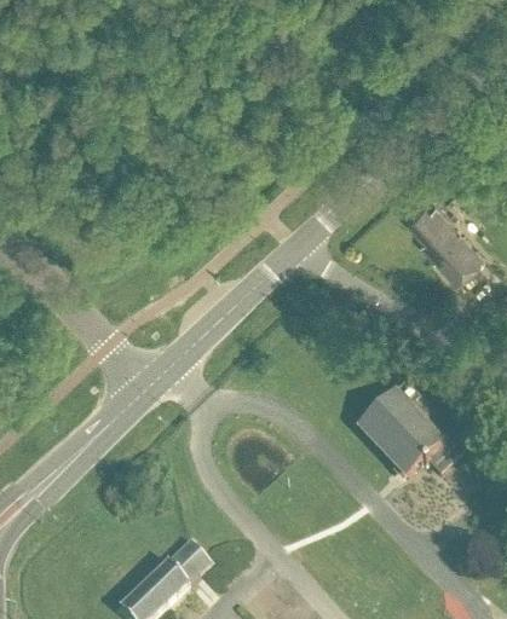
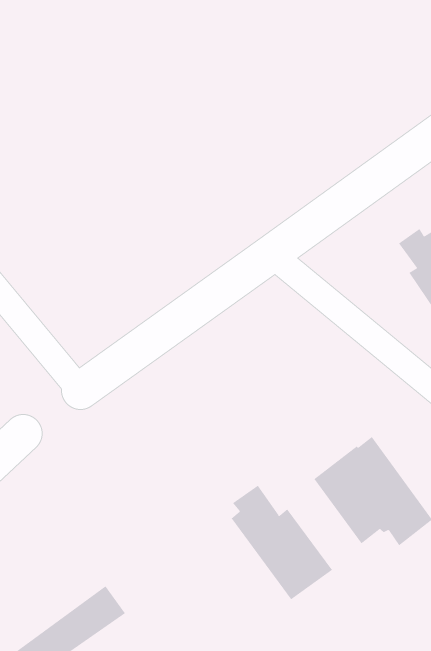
building: none -> [231,485,333,600]

